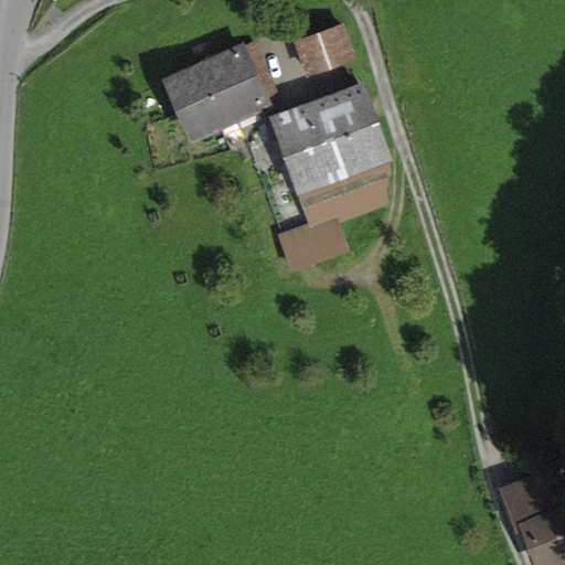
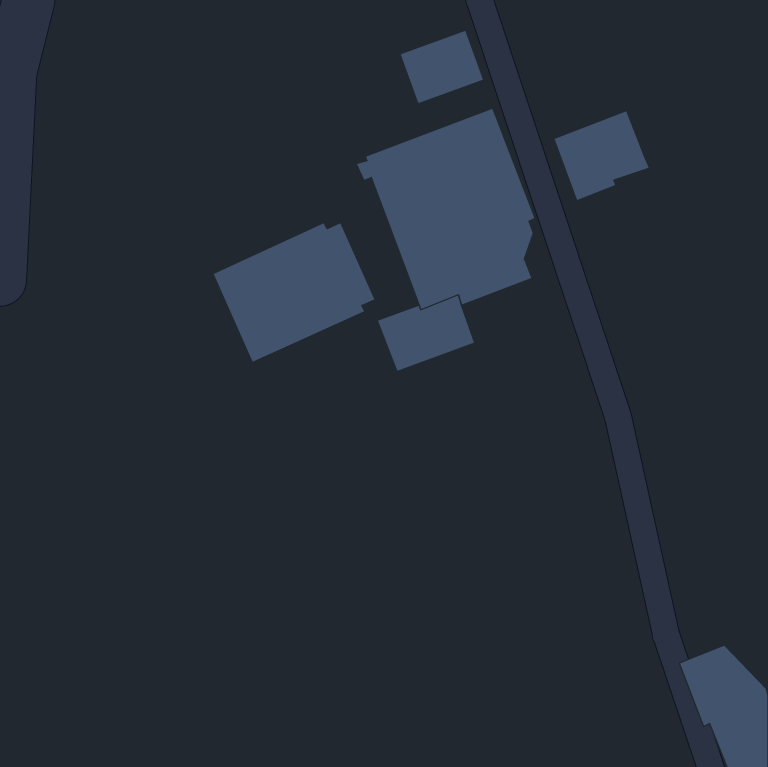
building: [161,42,280,145] -> [213,223,375,363]
building: none -> [554,111,650,201]

